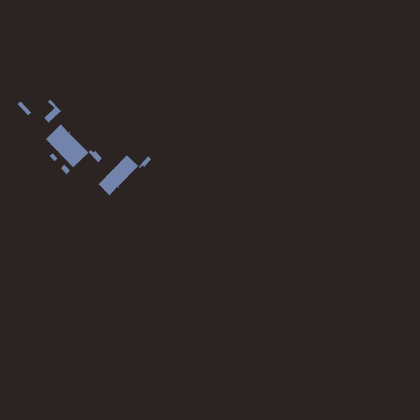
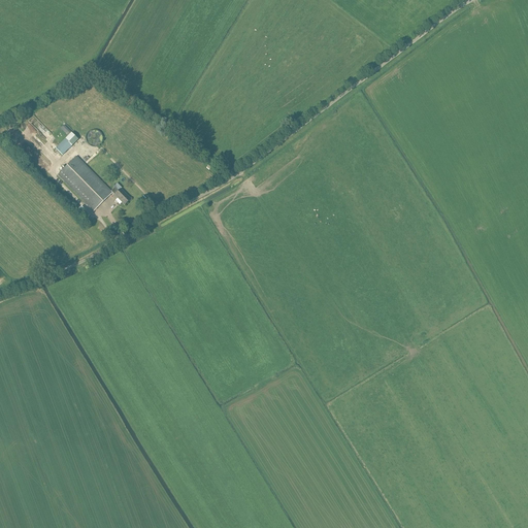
building: [98,155,152,196] -> none

